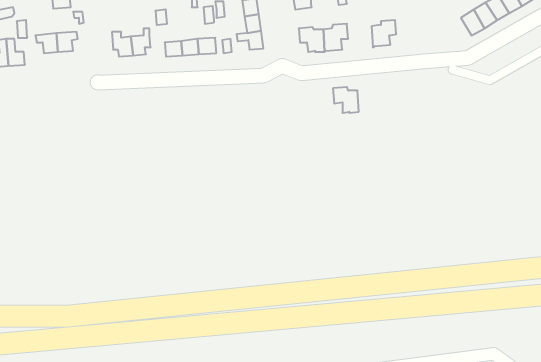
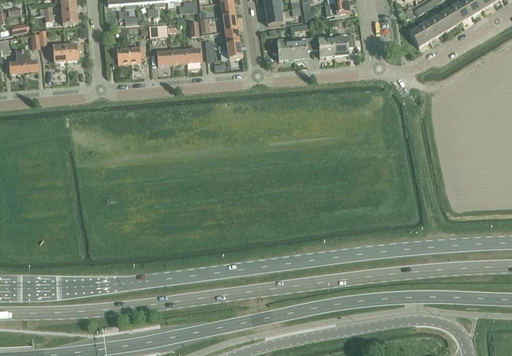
building: [333,87,359,113] -> [312,35,334,57]

